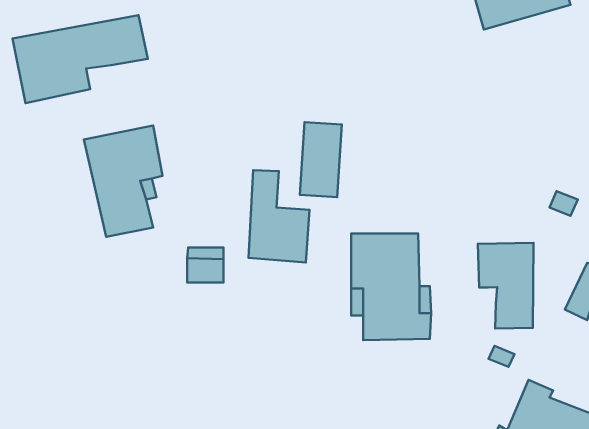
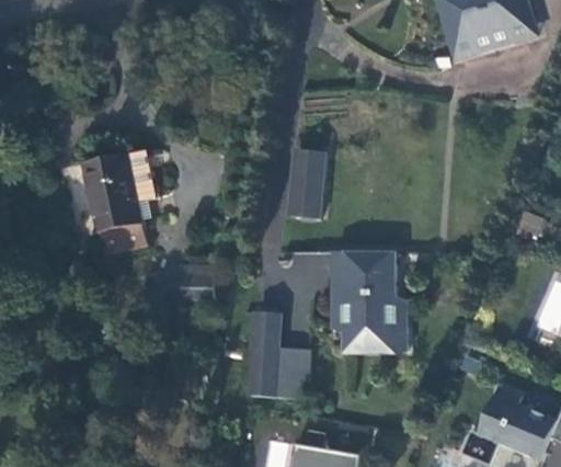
building: [12,15,148,103] -> none
building: [248,170,309,263] -> [251,312,308,399]
building: [478,243,533,329] -> none

